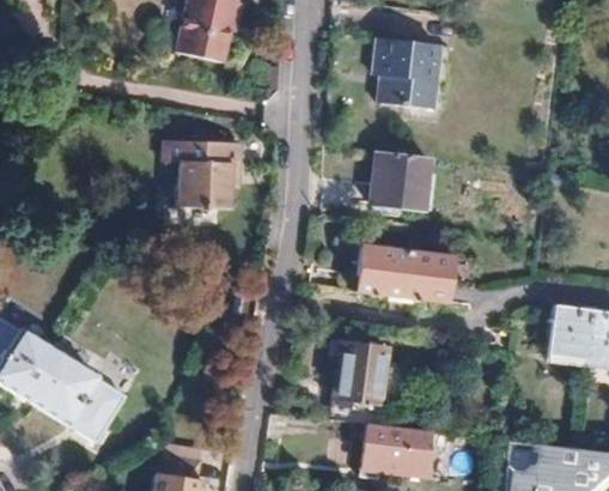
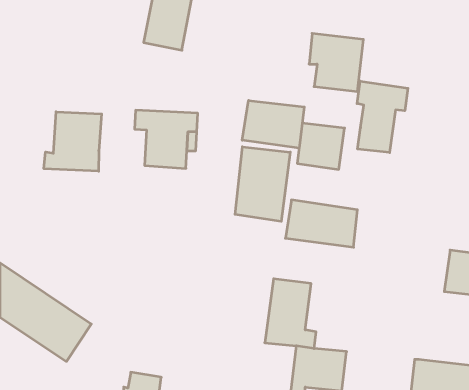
building: none -> [357,81,408,153]
building: none -> [242,100,304,148]
building: none -> [44,112,102,171]
building: none -> [235,147,290,221]

